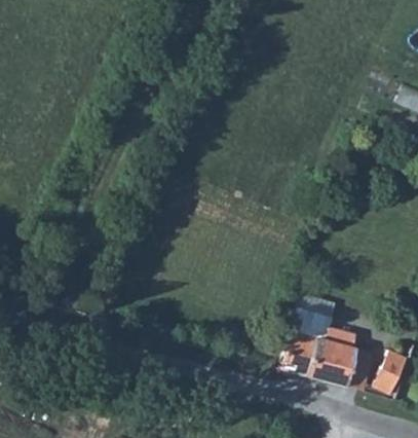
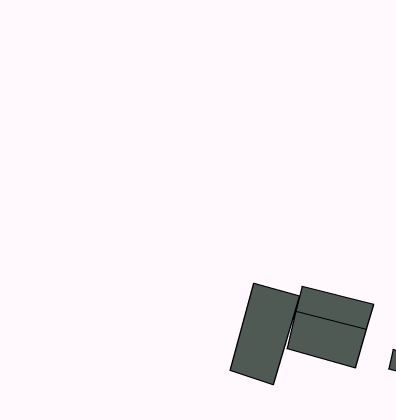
building: none -> [230,283,300,385]

